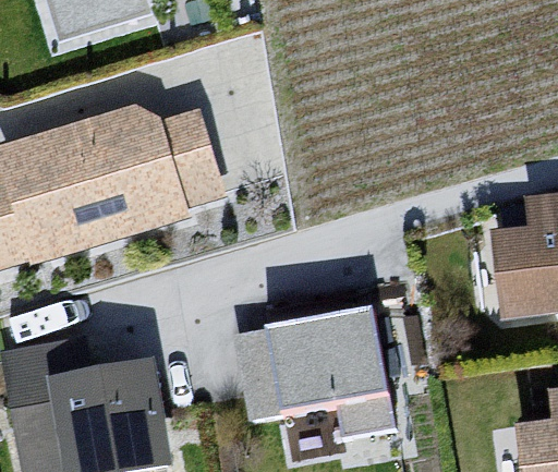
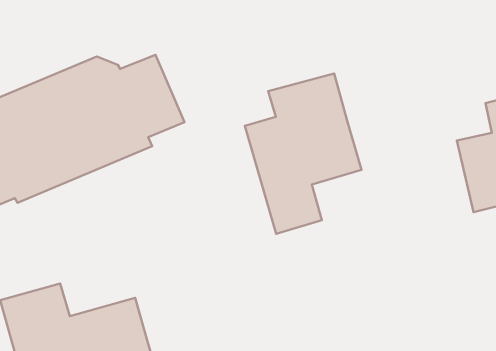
building: none -> [245,74,361,234]
building: [265,310,393,438] -> none

